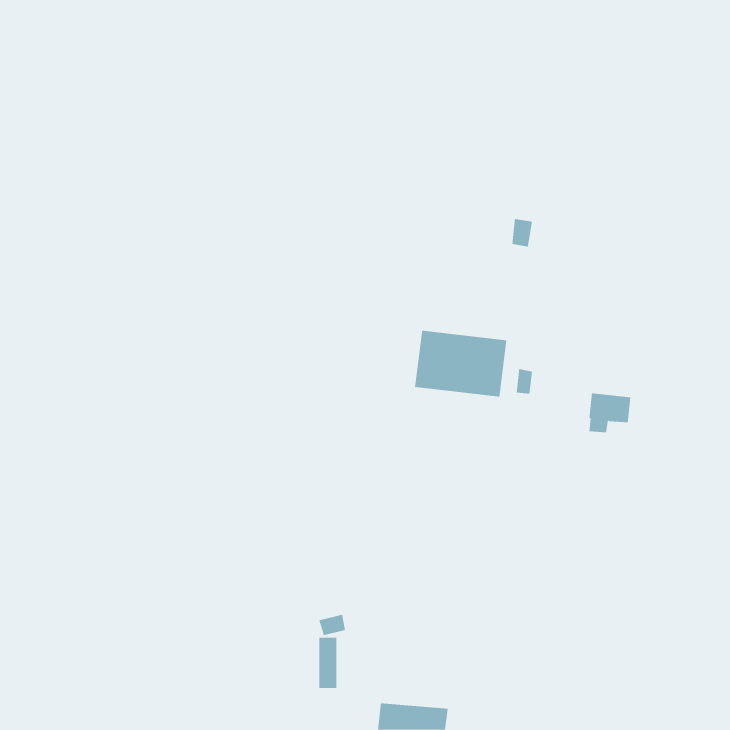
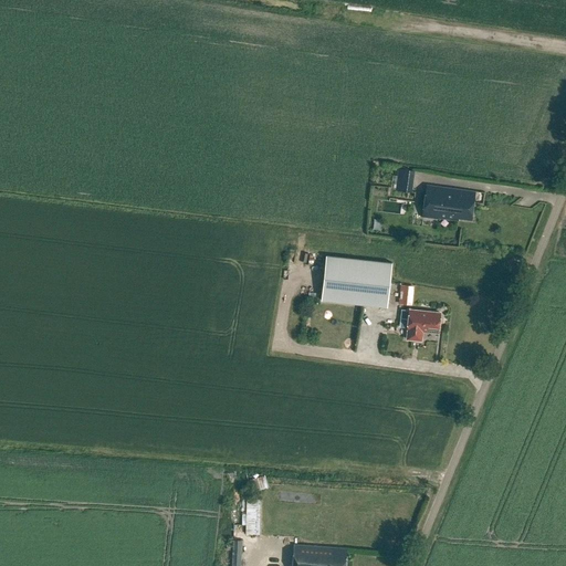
building: none -> [420,185,473,220]
building: [588,393,631,433] -> [407,310,440,340]

